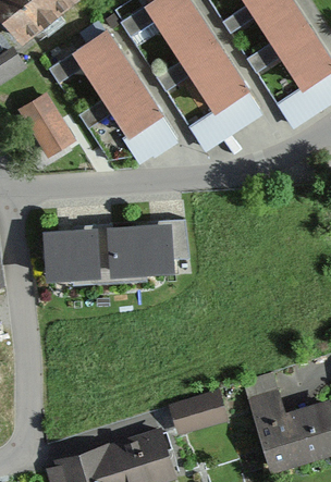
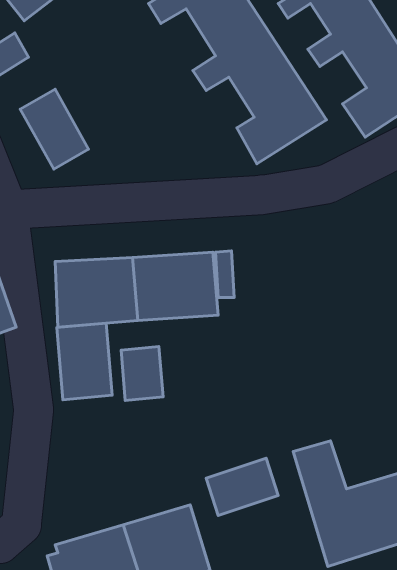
building: [48,33,176,164] -> none
building: none -> [57,323,112,400]
building: none -> [121,347,163,400]

